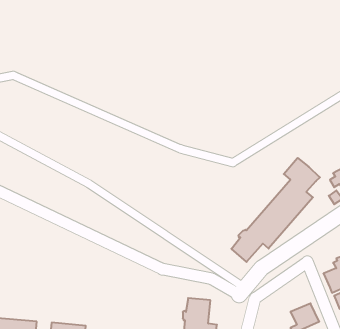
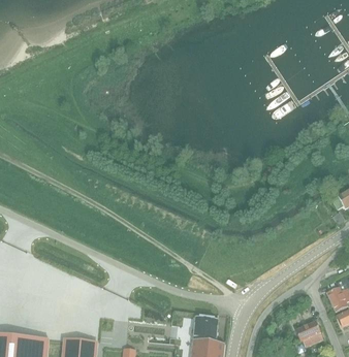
building: [231,158,320,262] -> none

